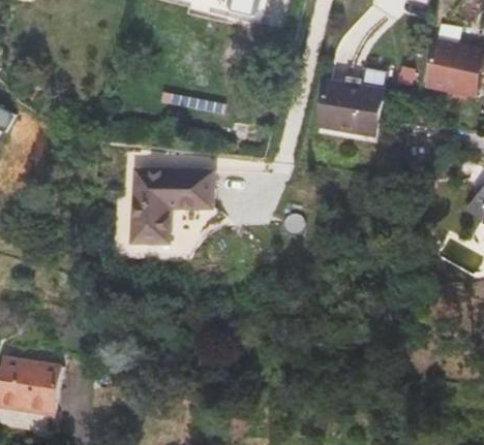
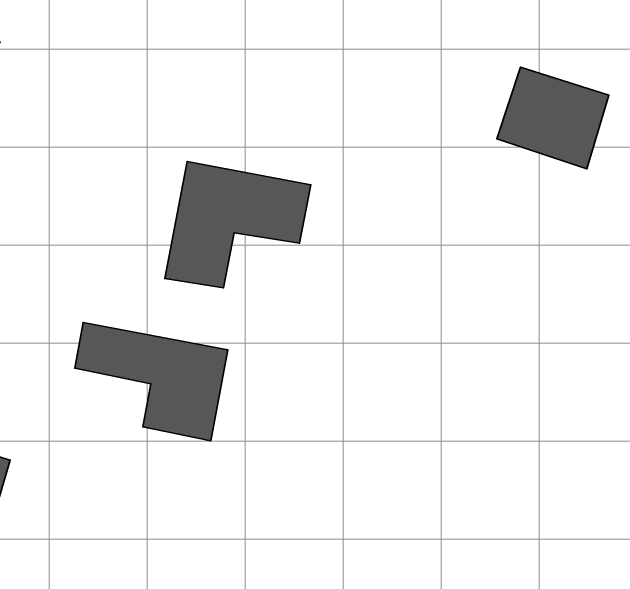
building: none -> [75,323,228,441]

